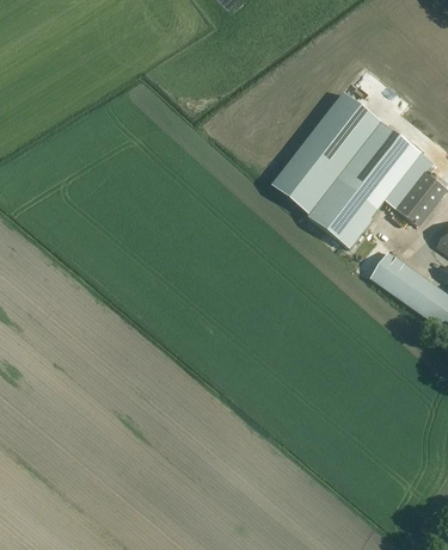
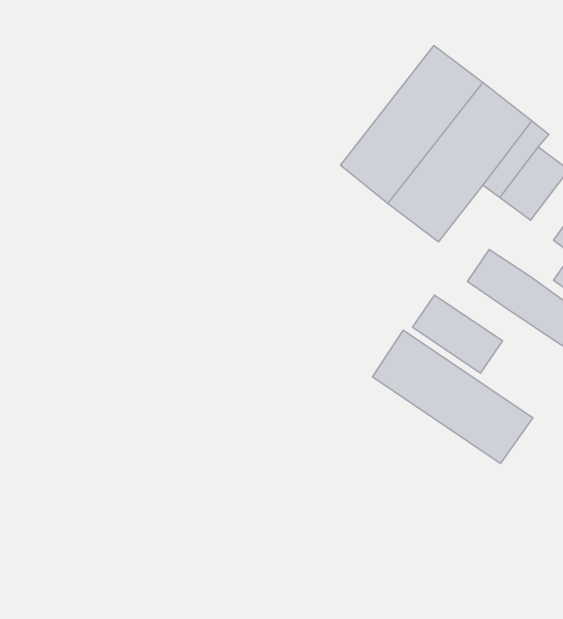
building: none -> [412,295,502,373]
building: none -> [372,330,533,464]

